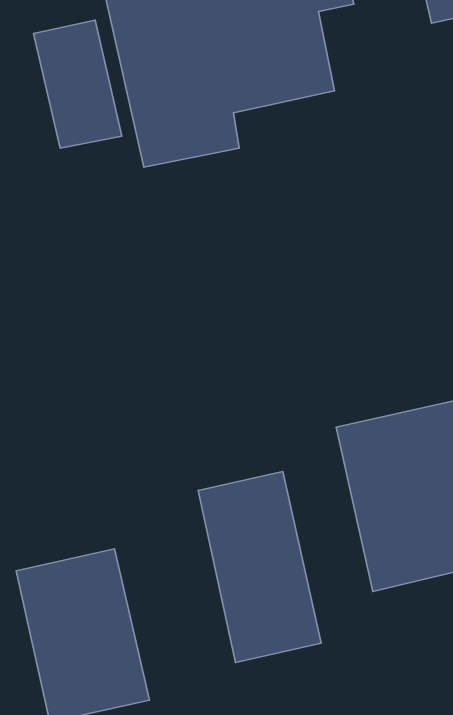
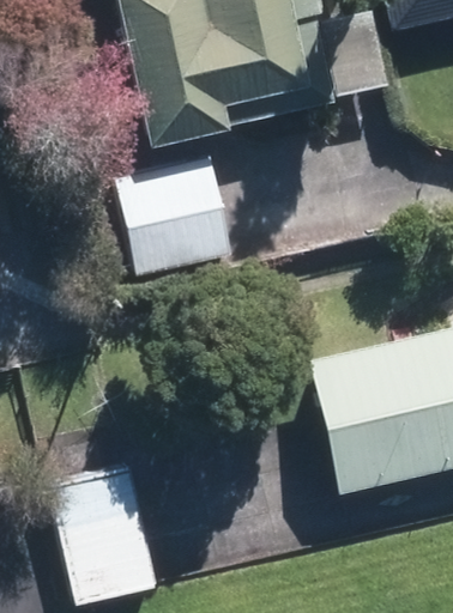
building: none -> [115,157,230,274]
building: [198,472,321,663] -> none

